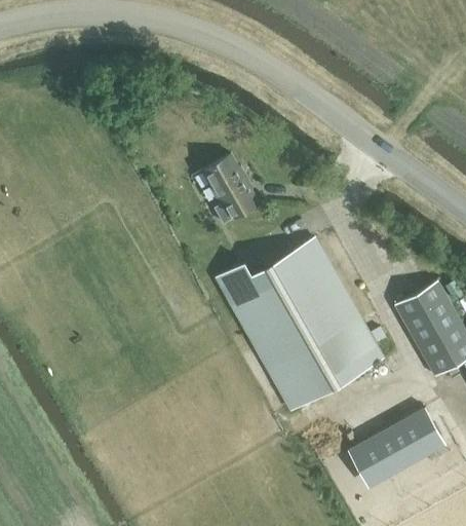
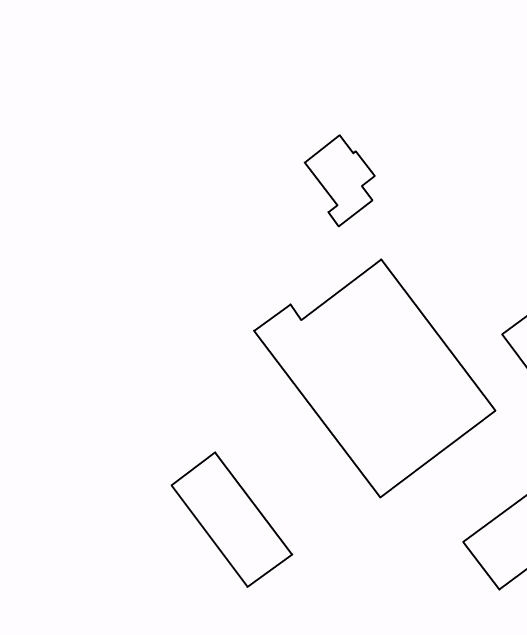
building: [203,155,253,221] -> [305,135,375,226]
building: none -> [172,452,292,587]

